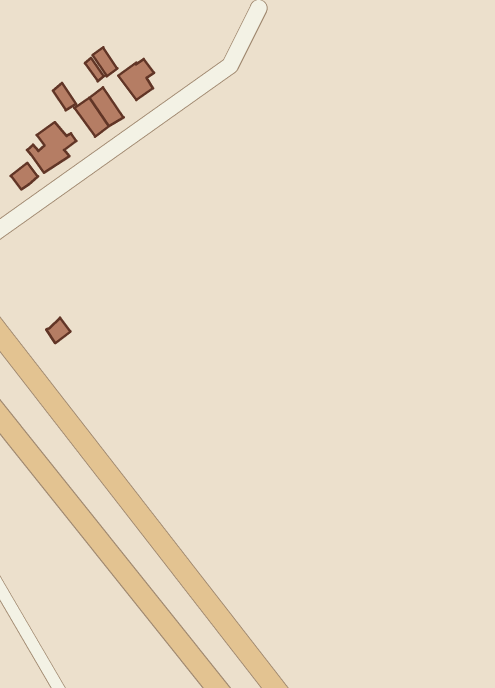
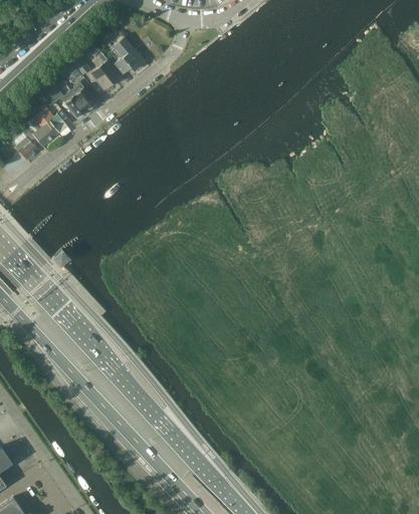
building: none -> [109,37,145,77]

